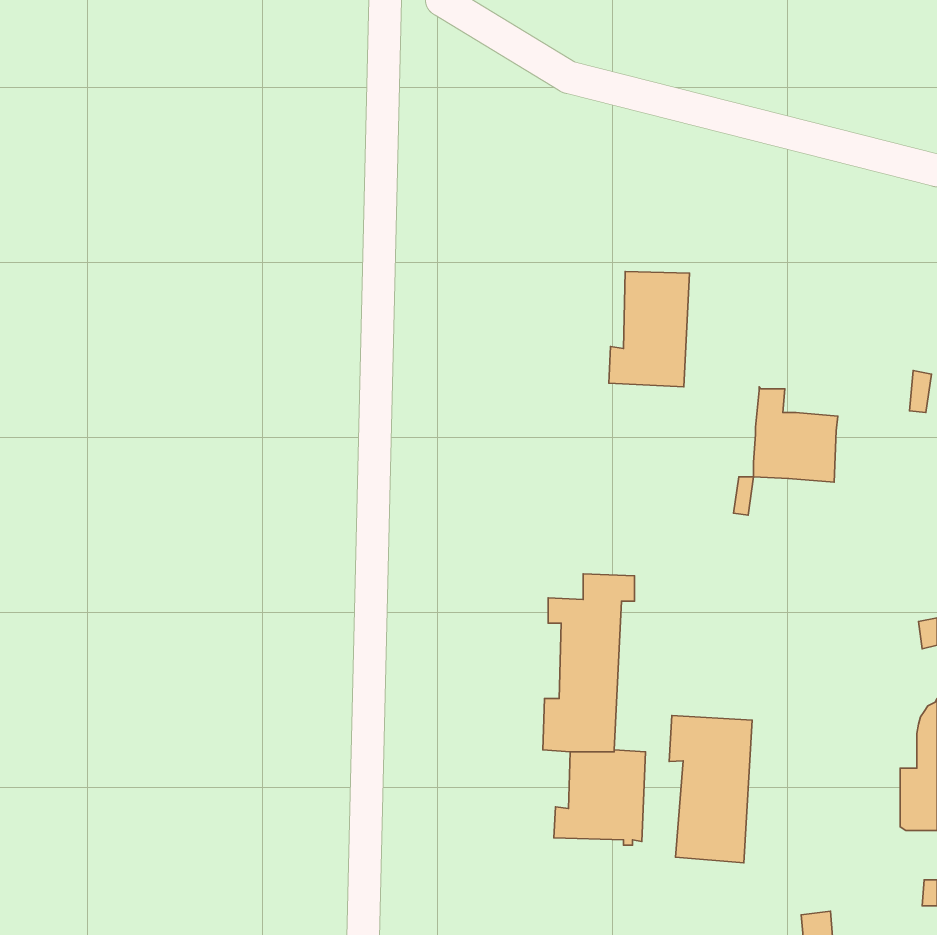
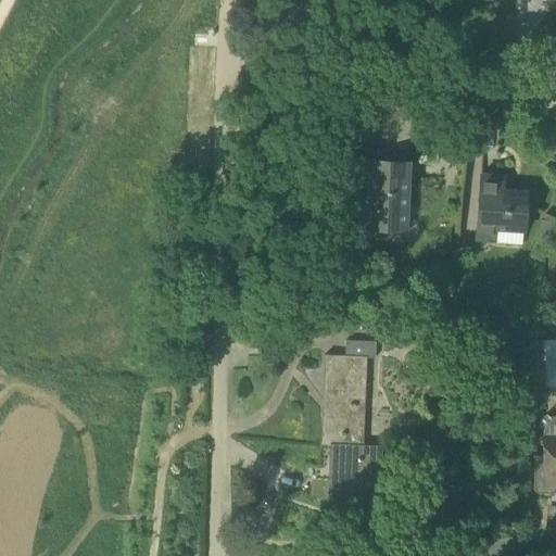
building: [754,387,838,482] -> [478,175,528,231]
building: [669,715,752,863] -> none

